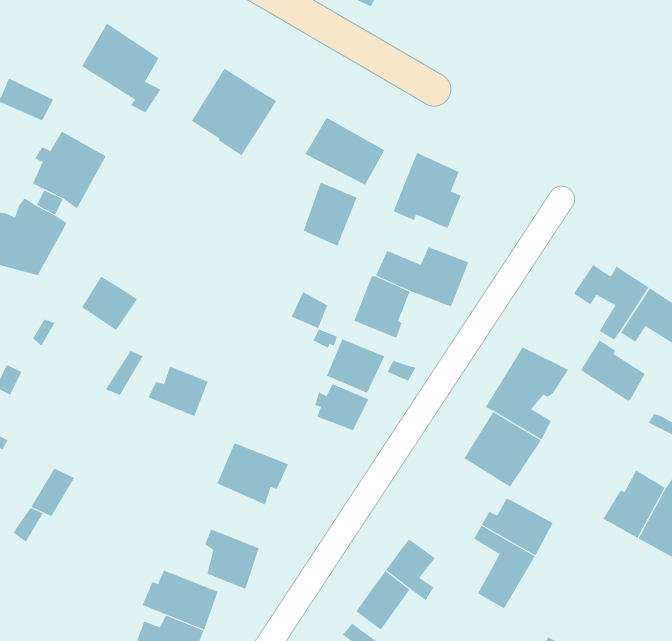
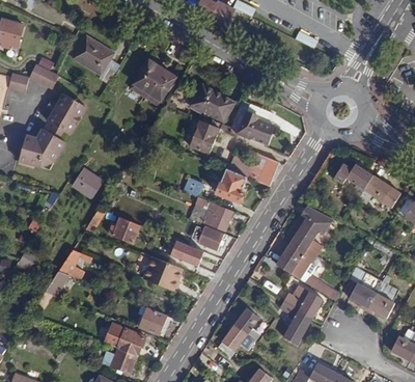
building: [580,339,646,401] -> none
building: none -> [169,241,202,267]
building: none -> [57,250,90,280]

